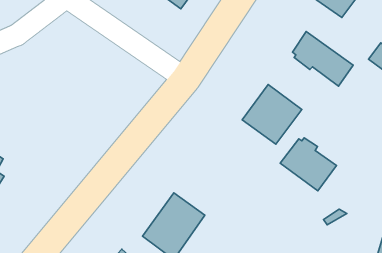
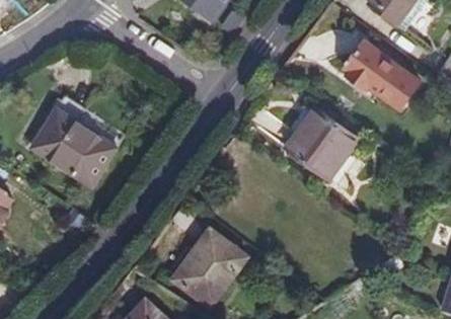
building: none -> [30,90,120,185]
building: [280,138,336,191] -> none

